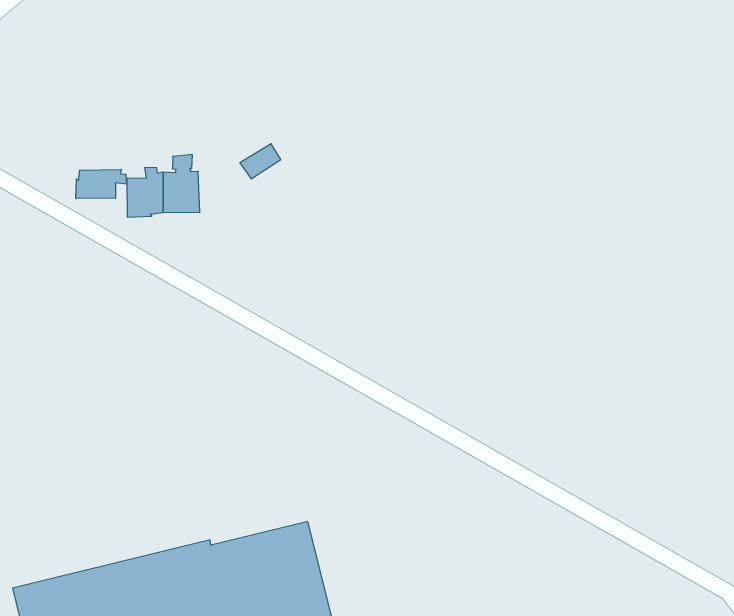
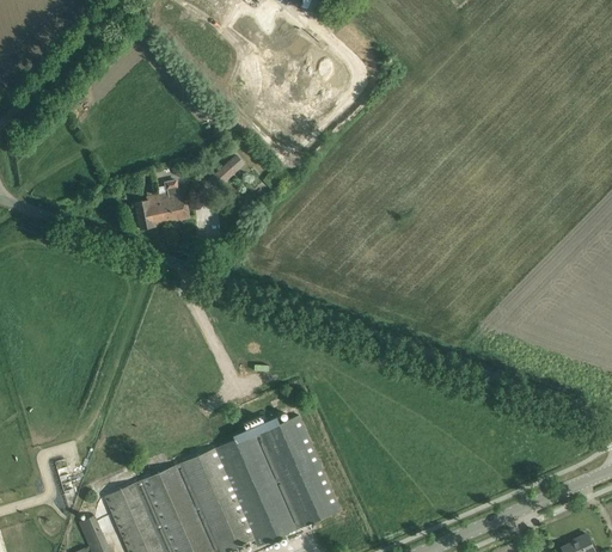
building: [76,169,126,199] -> none

